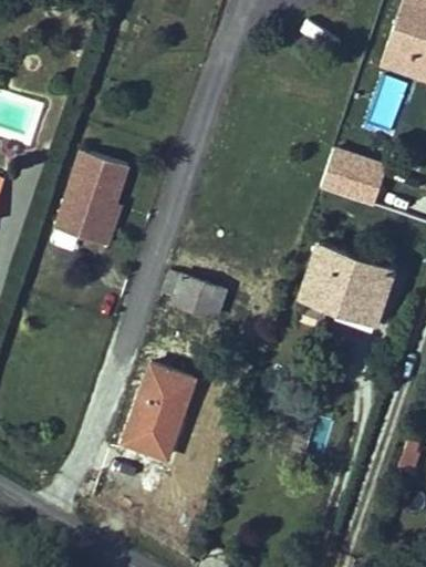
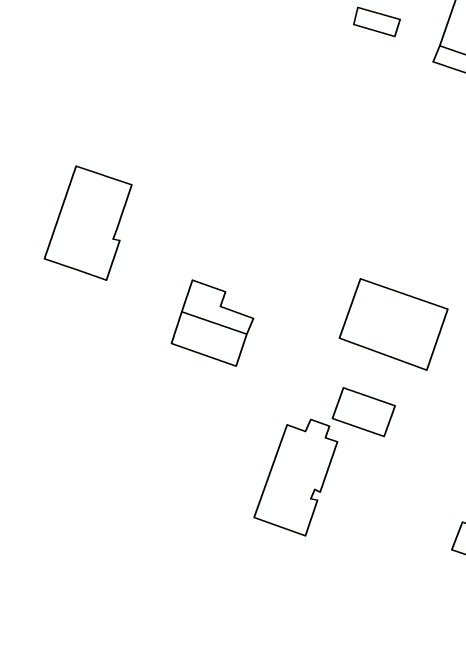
building: [319,145,387,206] -> none
building: none -> [332,388,395,437]
building: [124,362,194,460] -> [254,419,337,536]

